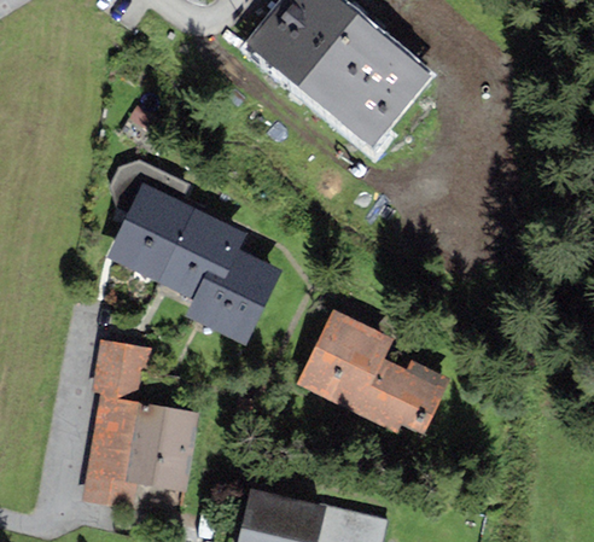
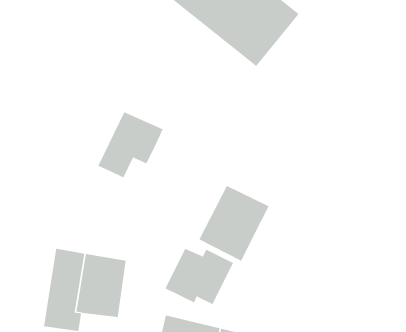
building: [107,183,193,282] -> none
building: [185,251,281,345] -> none
building: [92,339,150,403] -> none
building: [355,359,450,437] -> [165,248,234,305]

